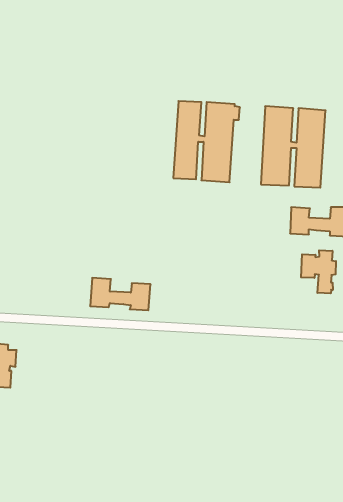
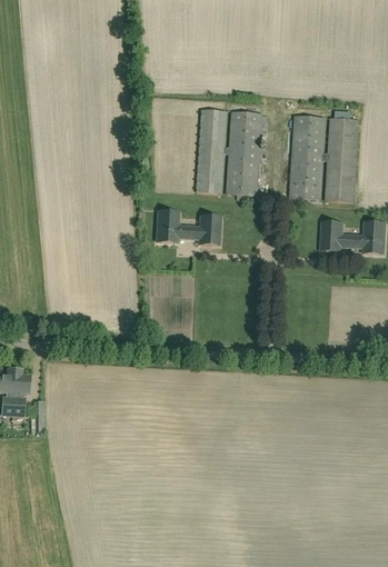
building: [301,250,336,293] -> none
building: [90,278,151,310] -> [156,210,220,245]

